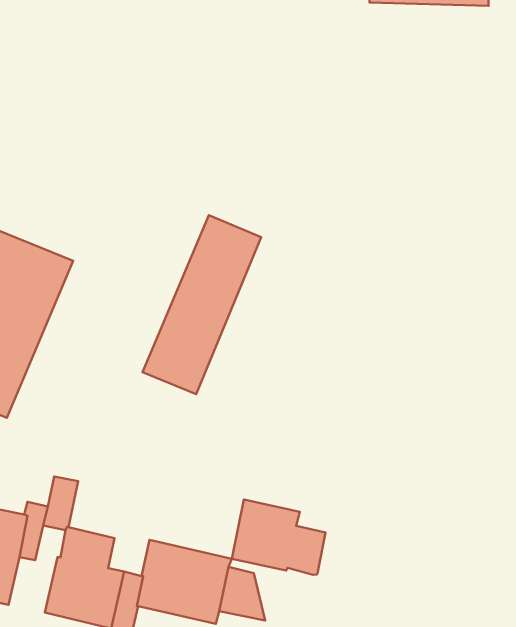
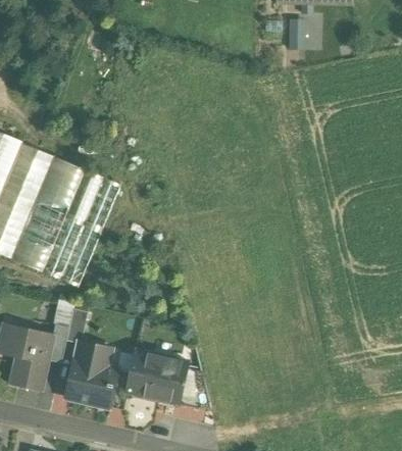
building: none -> [289,13,320,49]
building: [142,215,261,394] -> [41,169,117,285]
building: [232,500,326,575] -> none

